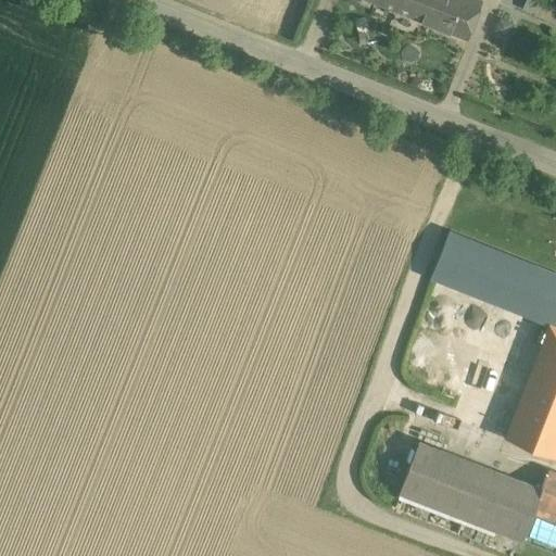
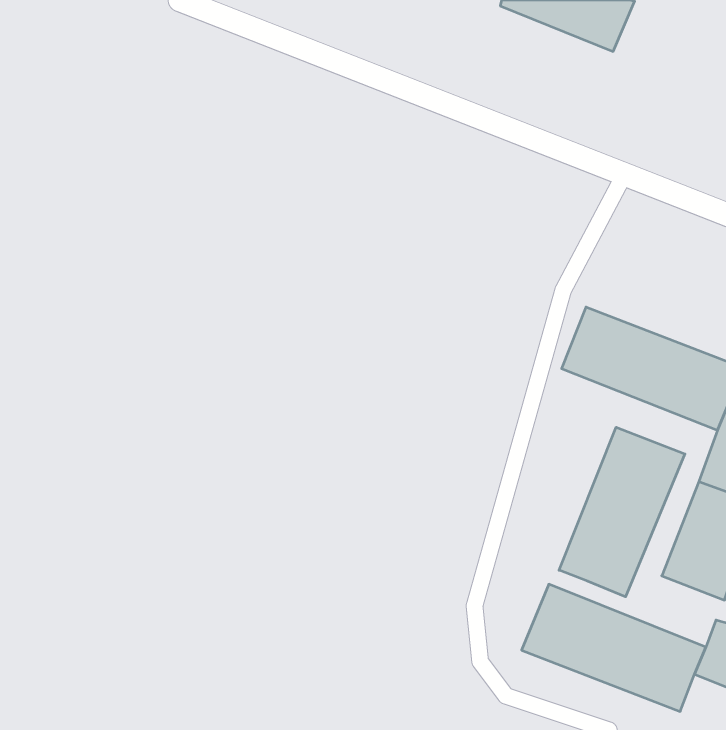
building: none -> [559,427,685,597]

